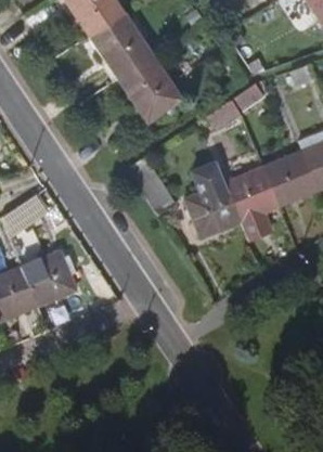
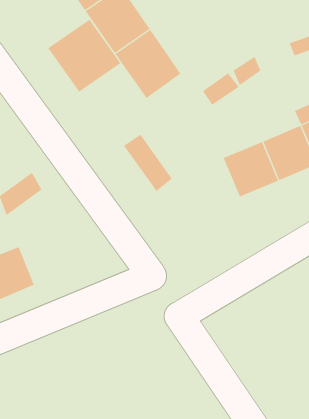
building: none -> [47,19,121,93]
building: [185,160,241,237] -> none
building: [23,253,78,307] -> none

